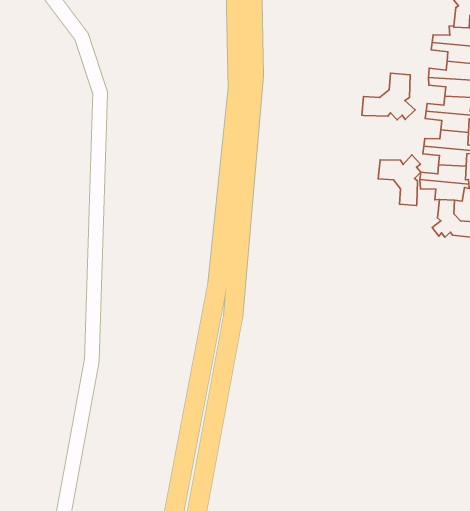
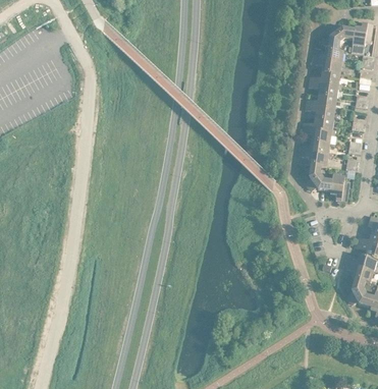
building: [362,73,415,120] -> none
building: [378,155,421,206] -> none

